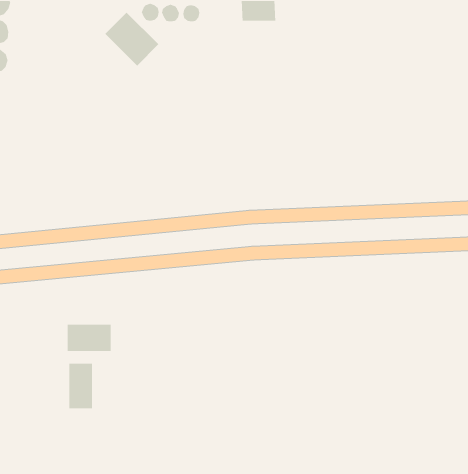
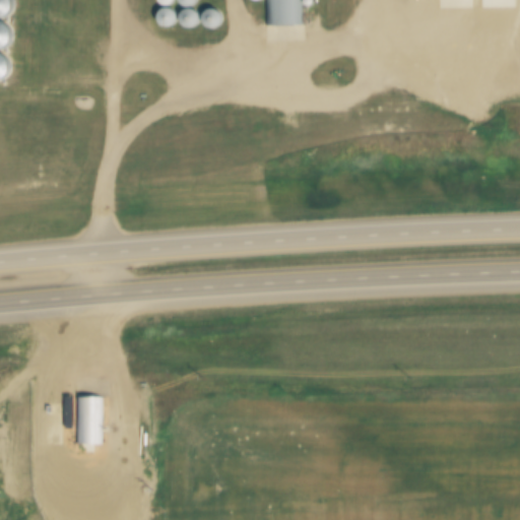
building: [105,12,159,66] -> none
building: [67,324,112,352] -> none

